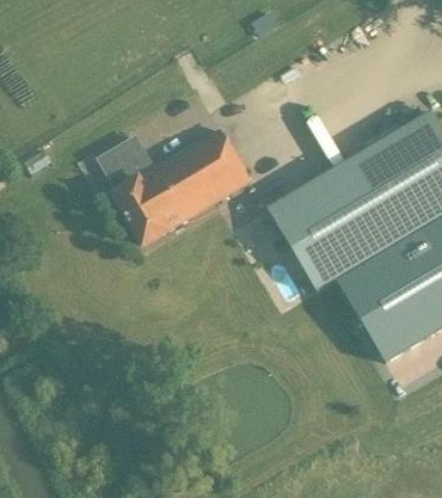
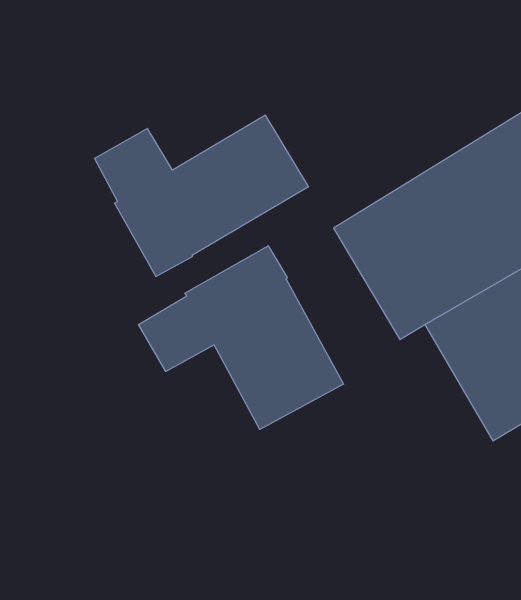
building: none -> [139,246,343,429]

